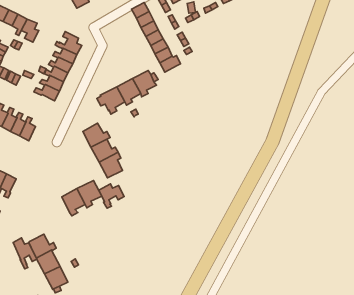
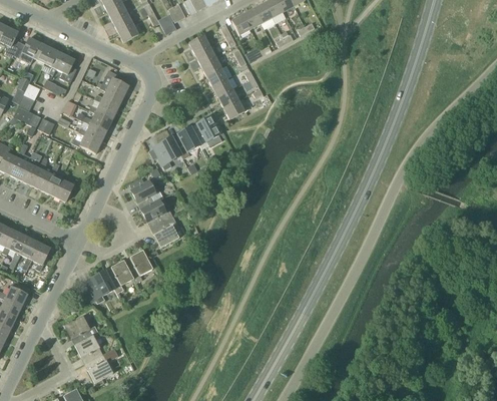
building: [99,184,124,208] -> none
building: none -> [84,270,114,303]
building: [13,238,37,269] -> none

